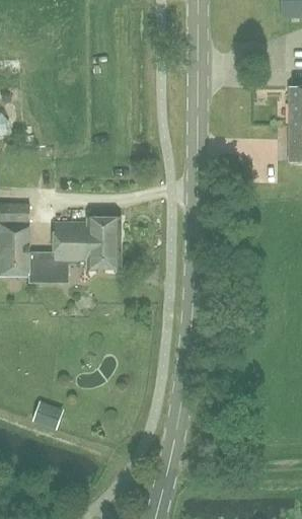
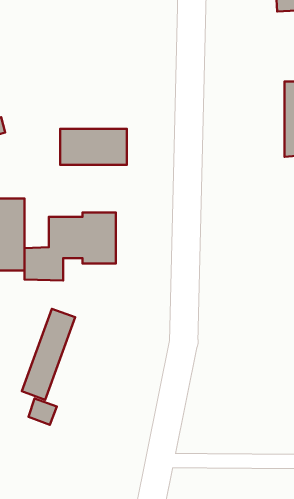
building: none -> [60,129,127,165]
building: none -> [22,309,75,400]

